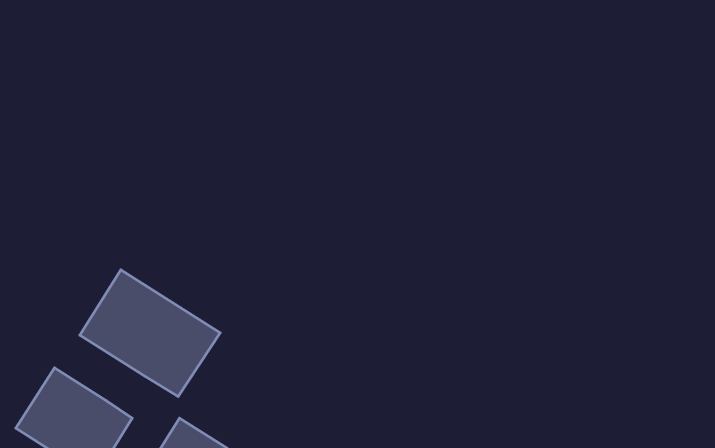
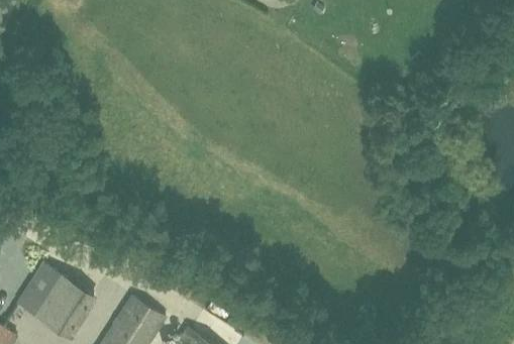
building: [80,270,220,397] -> none

